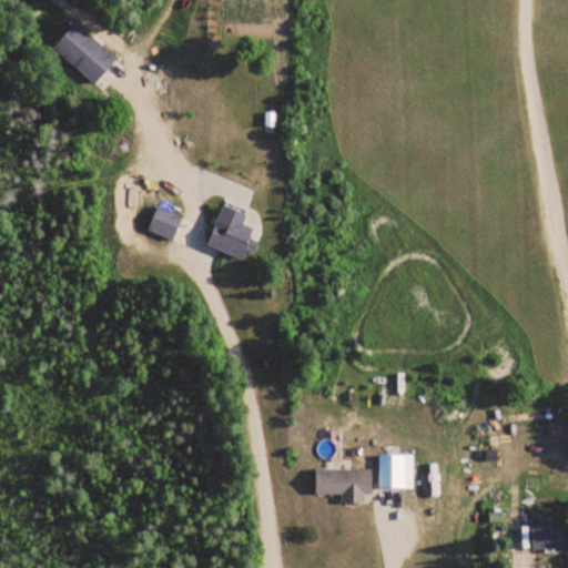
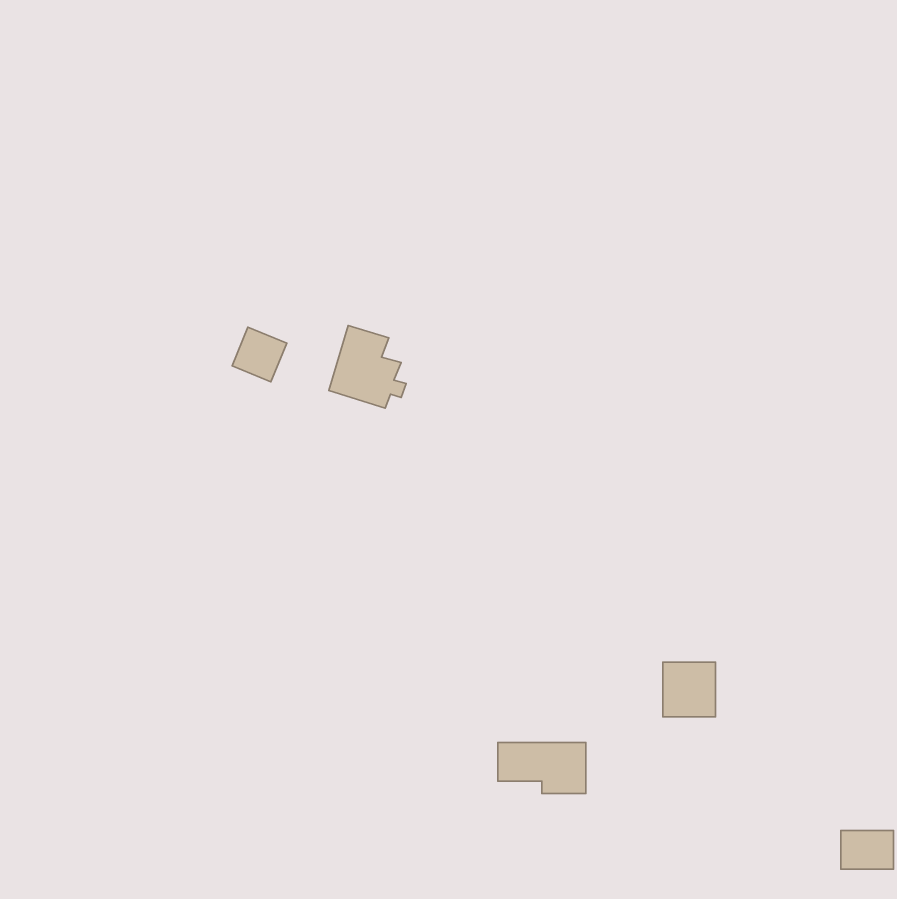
building: [53,23,118,85] -> none
building: [379,454,413,488] -> [663,662,716,717]

